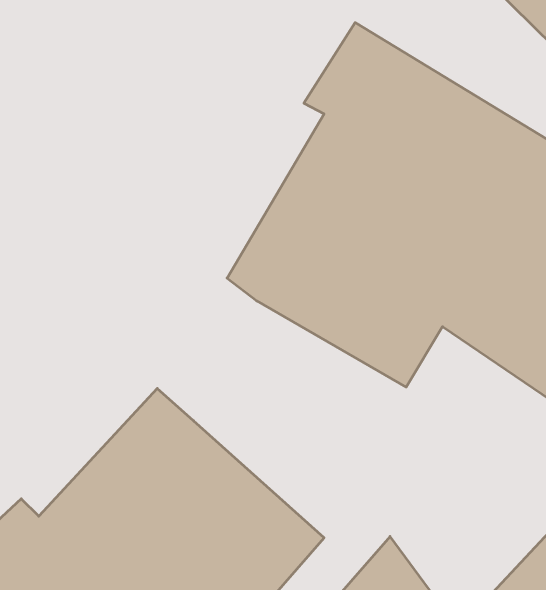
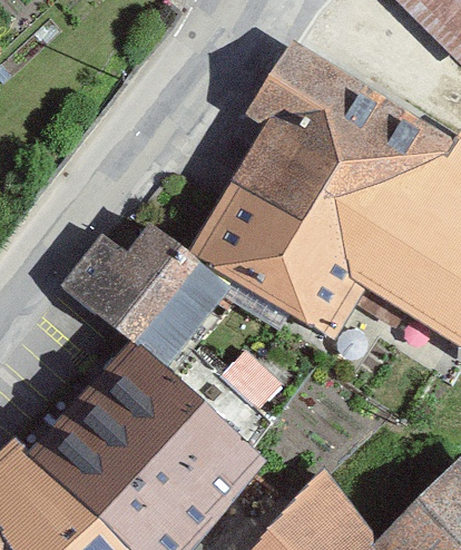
building: none -> [59,223,231,373]

